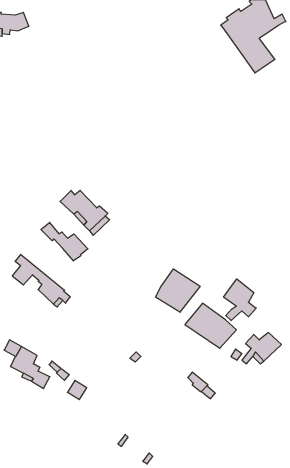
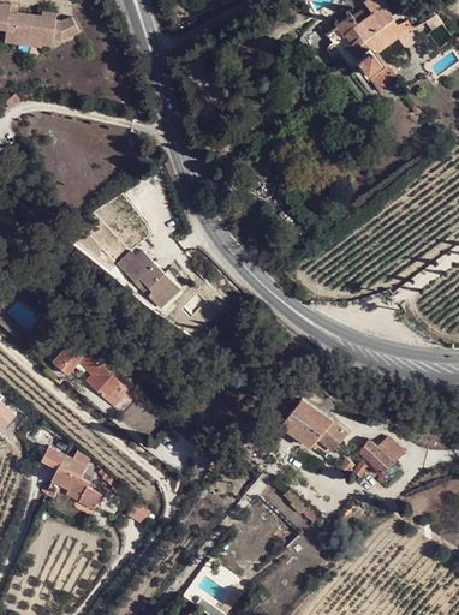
building: [41,222,88,261] -> none
building: [156,269,200,312] -> none
building: [224,279,256,321] -> none

